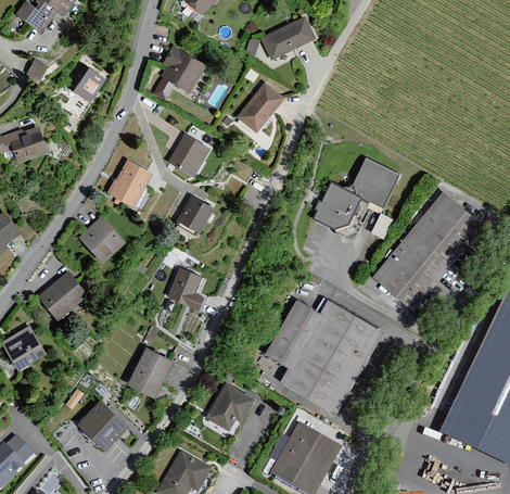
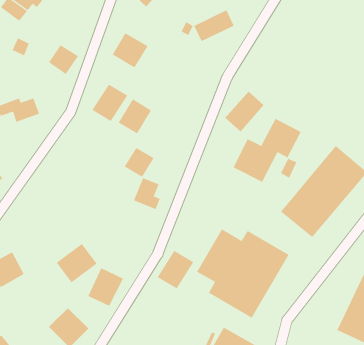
building: [234,80,285,134] -> [225,91,265,132]
building: [104,159,151,207] -> [91,84,128,122]
building: [76,218,124,266] -> none
building: [166,268,201,309] -> [133,178,160,210]
building: [33,271,86,322] -> [56,243,97,283]
building: [205,383,253,433] -> [157,250,194,289]

